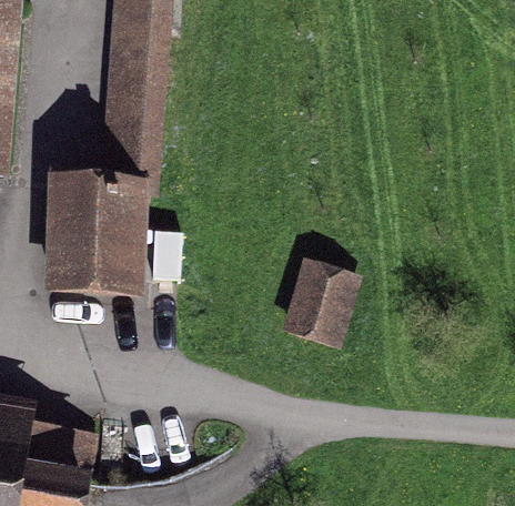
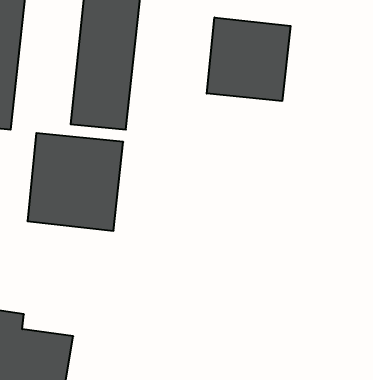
building: none -> [207,17,291,101]
building: [282,256,361,343] -> none

